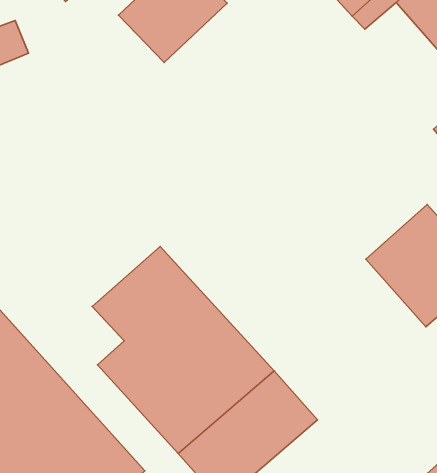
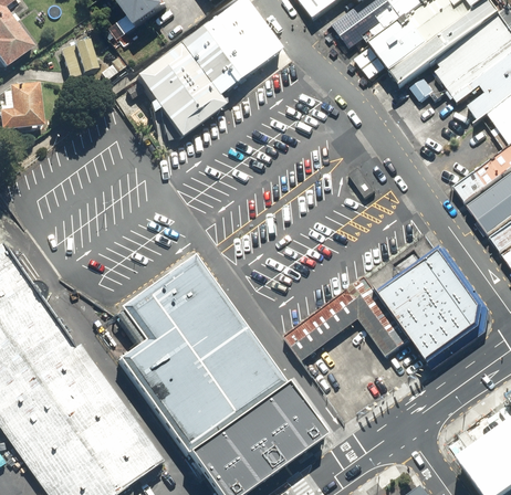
building: none -> [136,46,225,137]
building: none -> [283,274,409,358]

